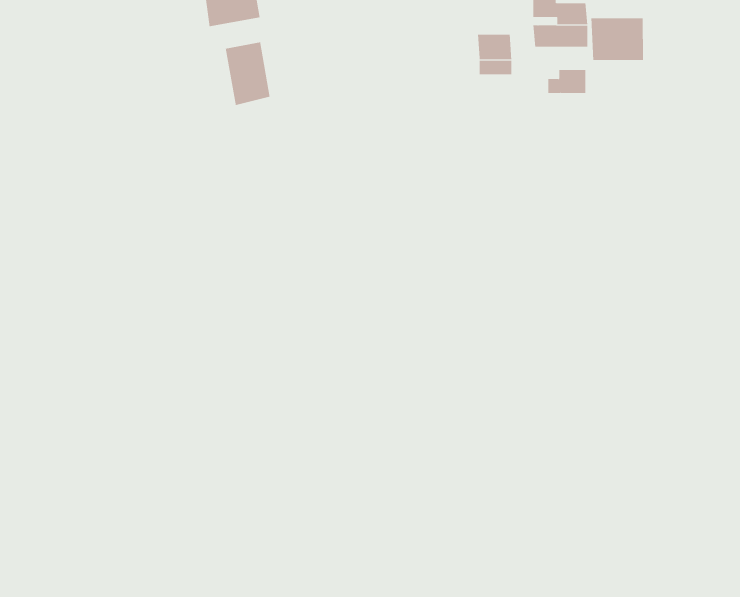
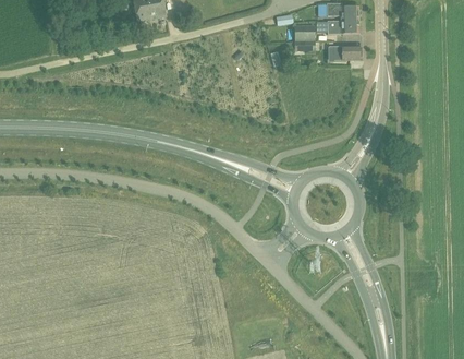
building: [591,17,643,61] -> none
building: [225,42,270,106] -> none

